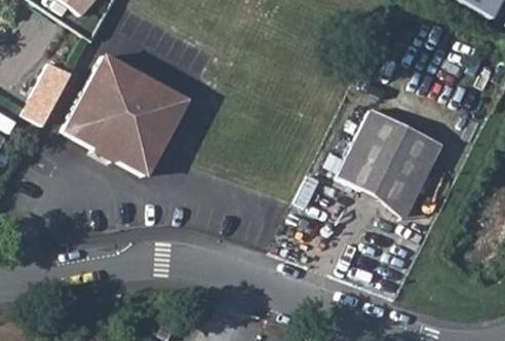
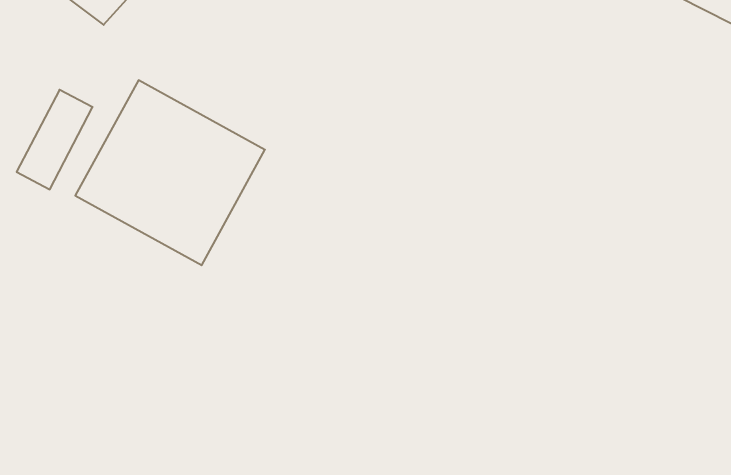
building: [339,109,442,217] -> none

